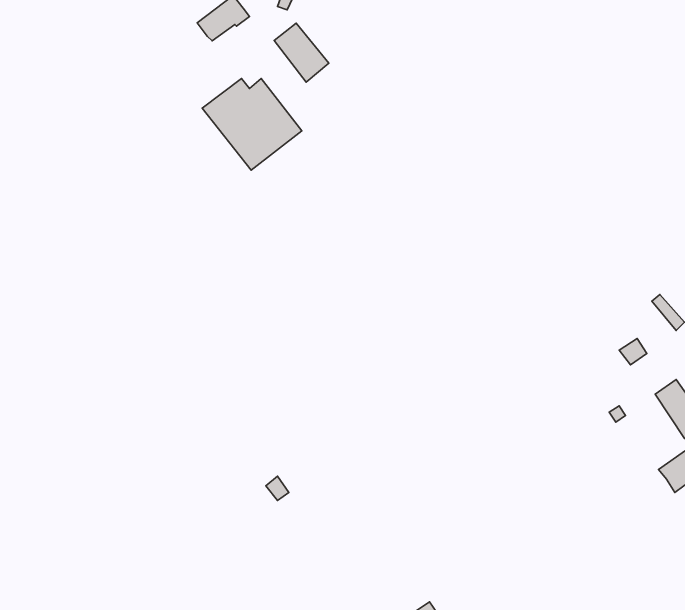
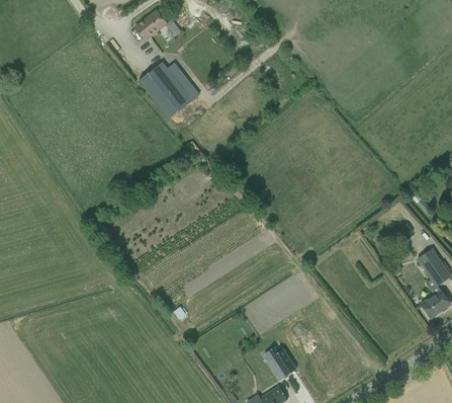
building: [274,23,329,82] -> none
building: none -> [265,347,293,379]

